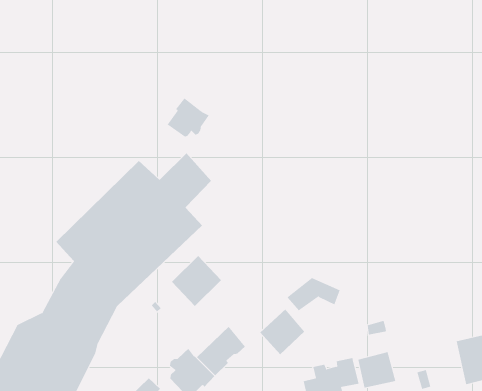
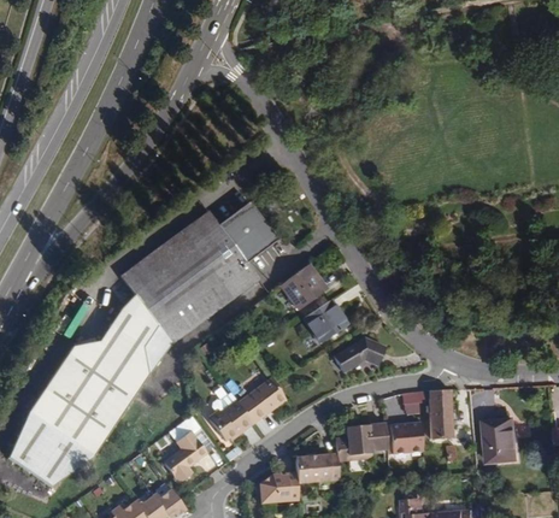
building: [167,98,209,138] -> none
building: [171,255,222,307] -> [279,263,328,311]
building: [259,308,305,355] -> [302,299,346,342]
building: none -> [428,388,457,437]

